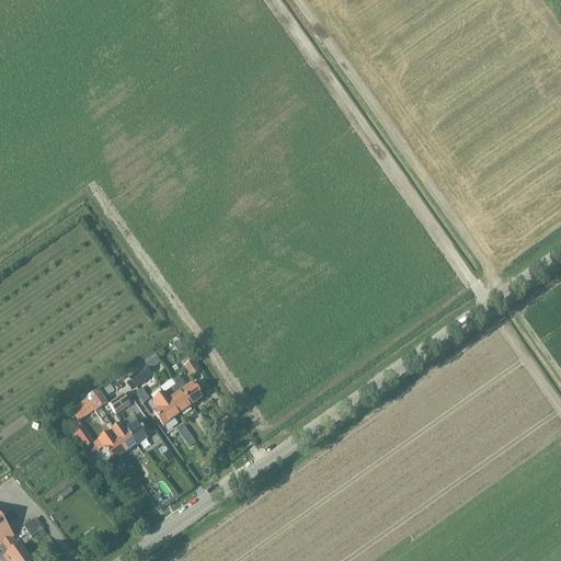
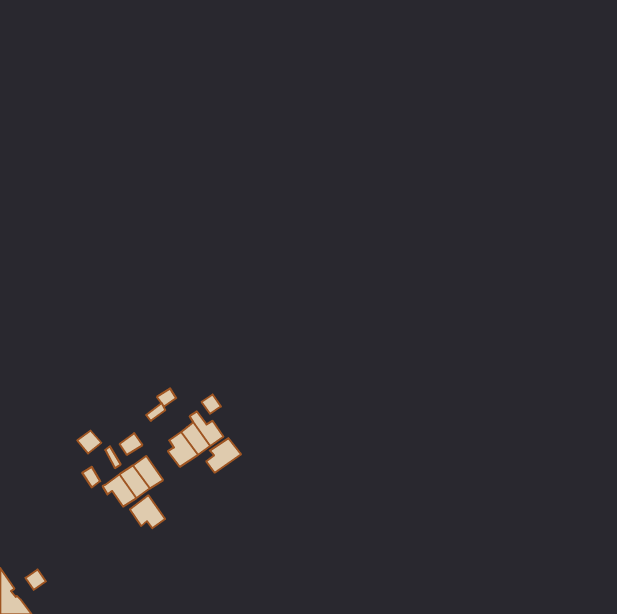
building: none -> [206,438,241,473]
building: none -> [130,495,165,528]

